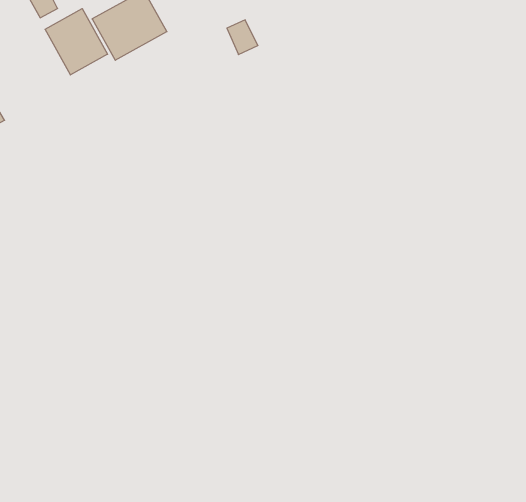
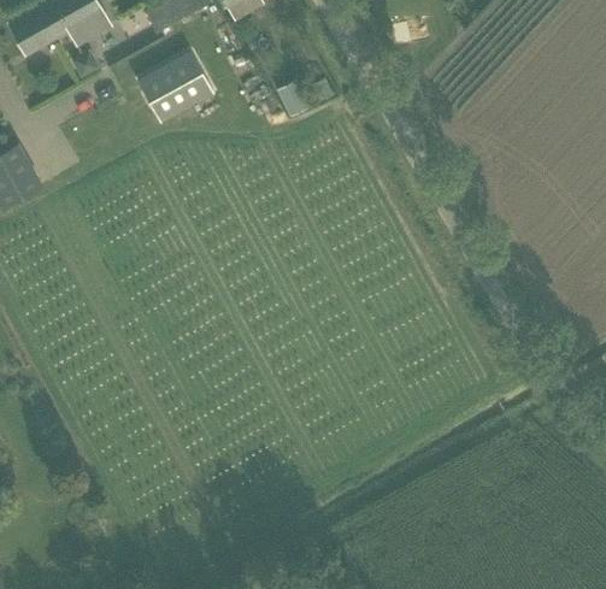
building: [45,9,108,75] -> none

